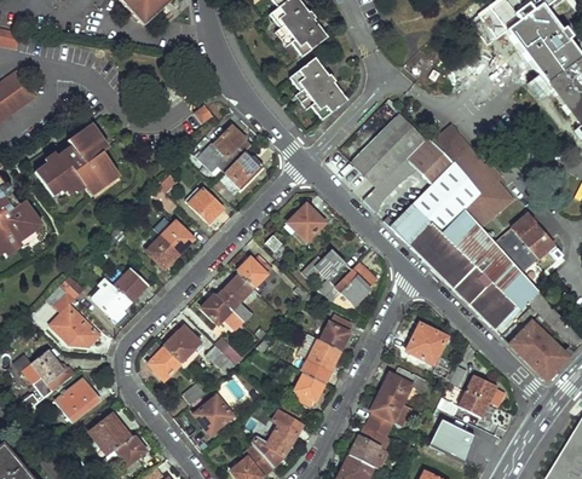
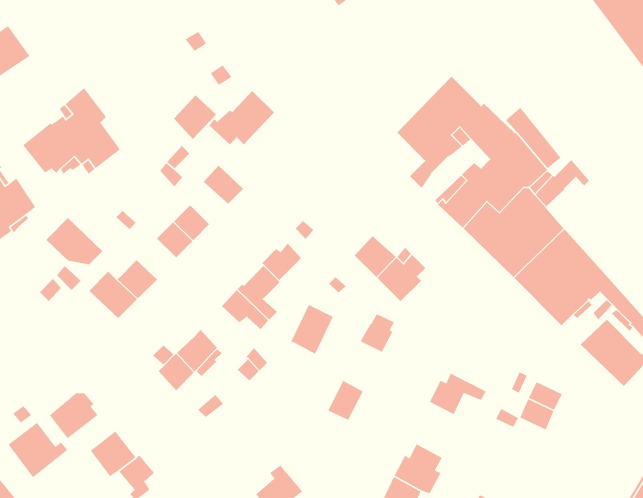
building: [288,53,346,116] -> none
building: [221,150,259,189] -> [173,95,217,140]
building: [288,203,324,240] -> none
building: [507,210,555,269] -> none
building: [50,306,99,347] -> [45,217,103,265]
building: [407,322,445,362] -> none
building: [302,337,340,381] -> [290,304,334,355]
building: [22,350,74,398] -> [7,422,68,478]
building: [368,391,413,434] -> none
building: [194,397,232,434] -> none
building: [250,410,301,464] -> none
building: [427,416,472,461] -> none

